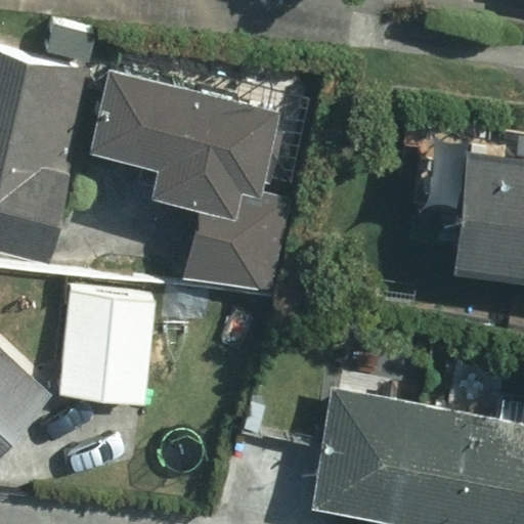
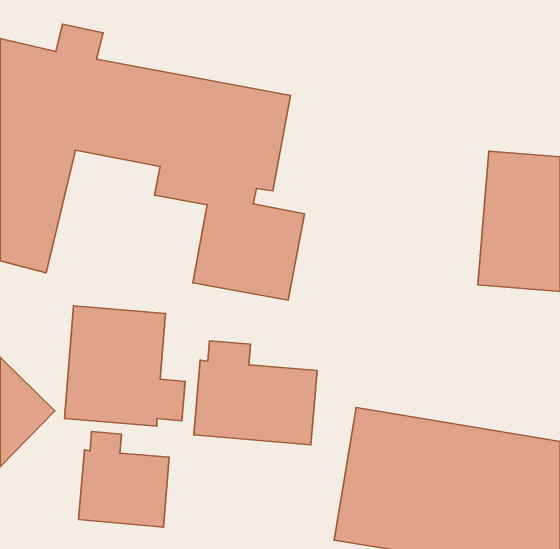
building: none -> [194,341,317,445]
building: none -> [79,432,169,527]

